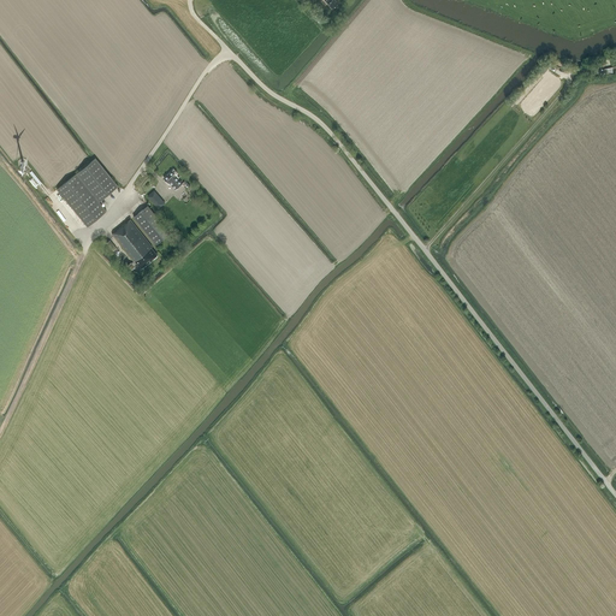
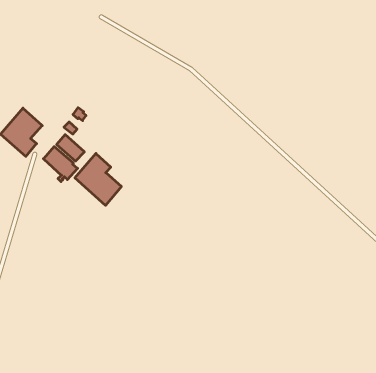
building: none -> [75,153,121,205]

